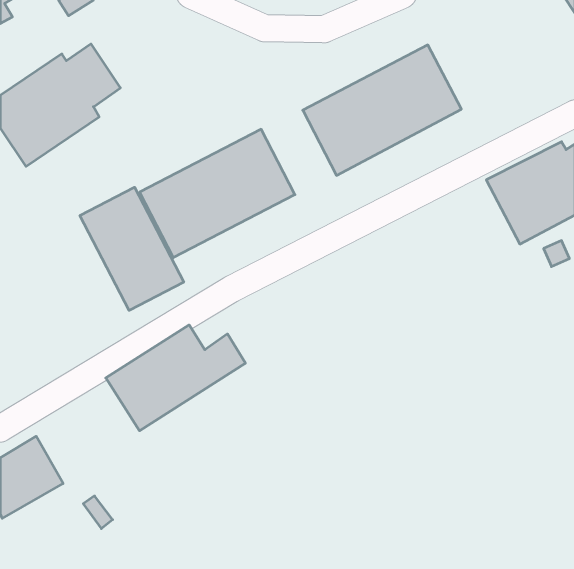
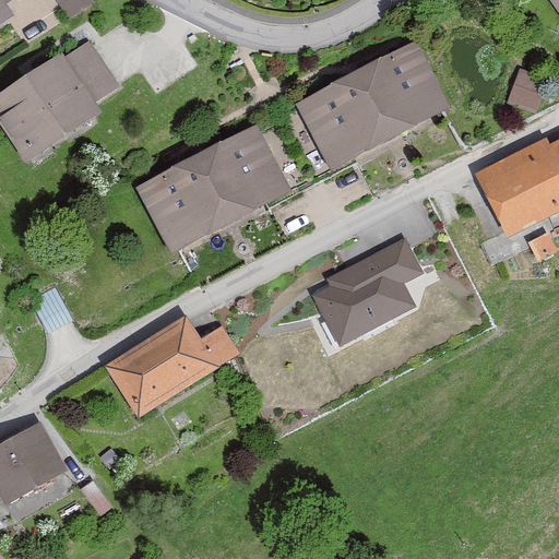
building: none -> [508,66,545,110]
building: [80,187,184,310] -> none
building: none -> [313,238,421,344]

